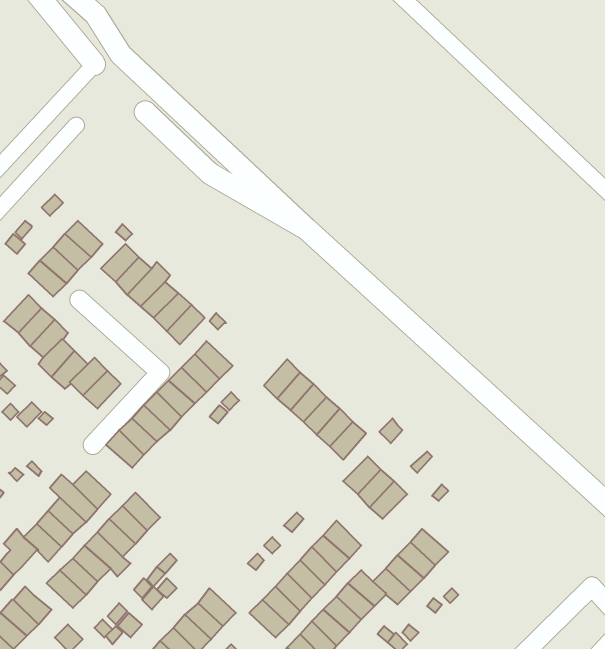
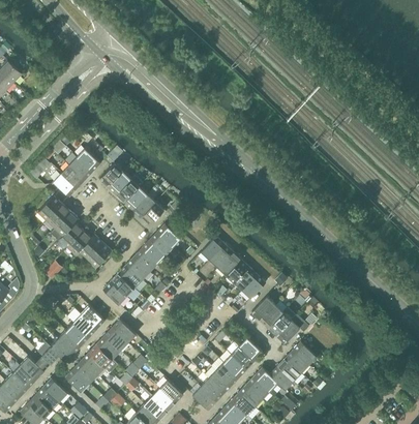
building: none -> [275,314,308,344]

